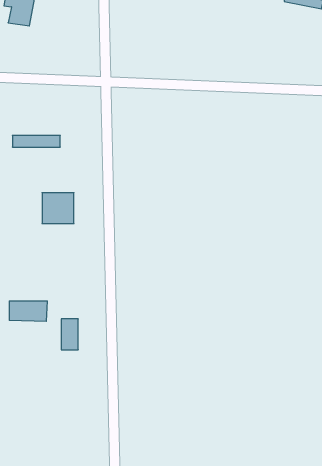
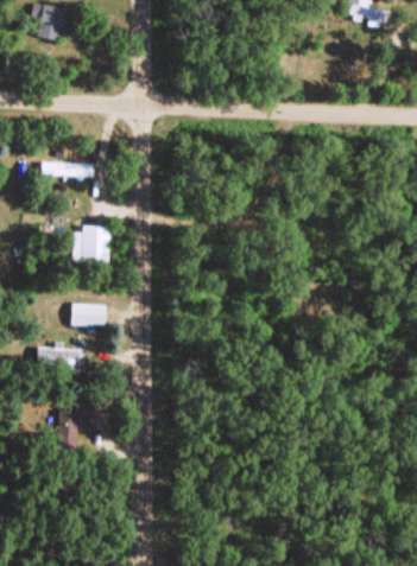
building: none -> [71,304,107,325]
building: [61,319,78,350] -> [58,414,77,449]

